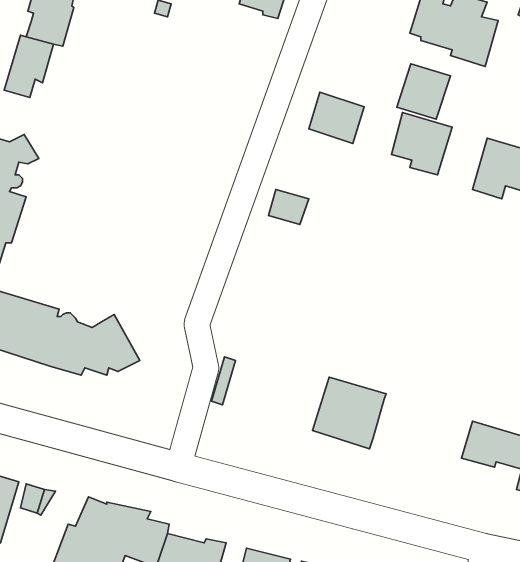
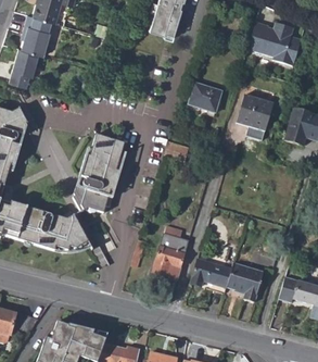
building: [397,64,450,119] -> none
building: none -> [73,133,126,212]
building: none -> [152,233,189,279]
building: none -> [227,263,264,301]

